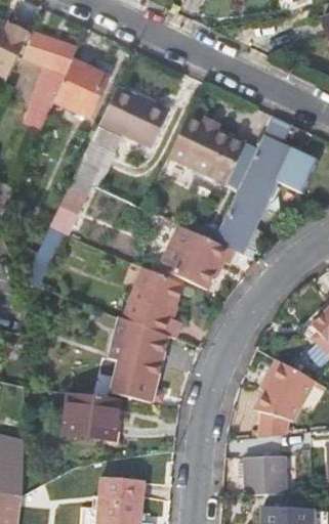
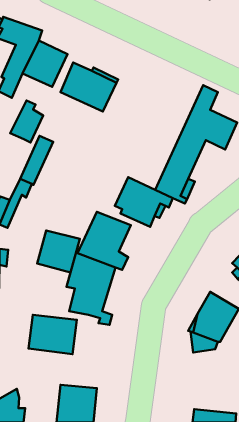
building: [168,115,247,187] -> none
building: [75,135,115,186] -> [10,100,43,143]
building: none -> [37,230,80,273]
building: [246,456,285,494] -> none

